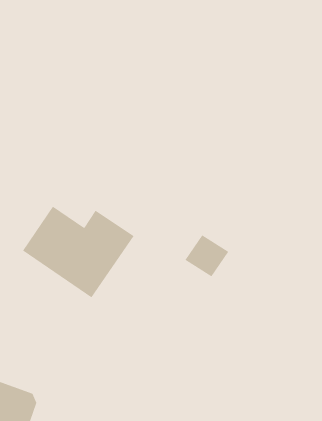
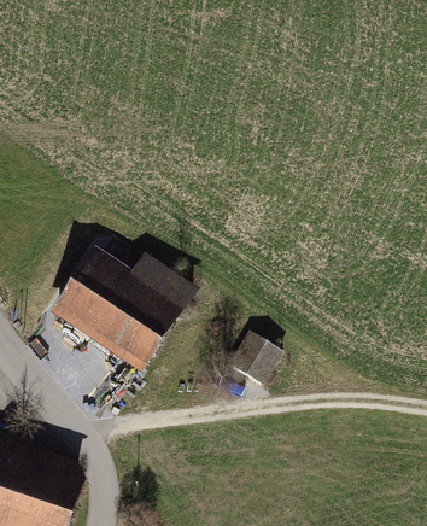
building: [184,235,229,277] -> [229,334,282,385]

